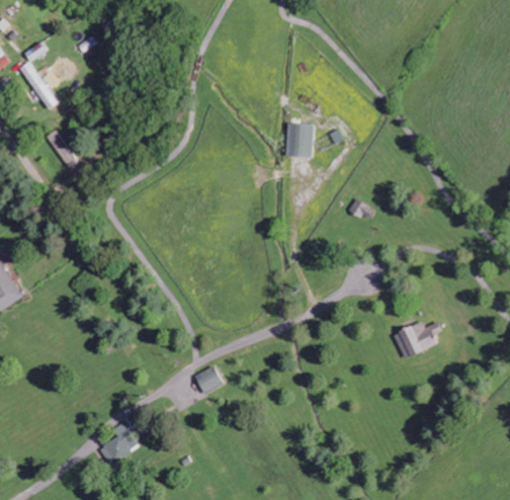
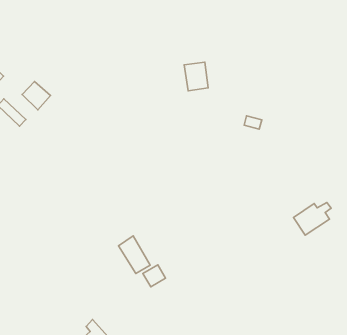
building: none -> [22,81,51,110]
building: none -> [118,236,150,274]

